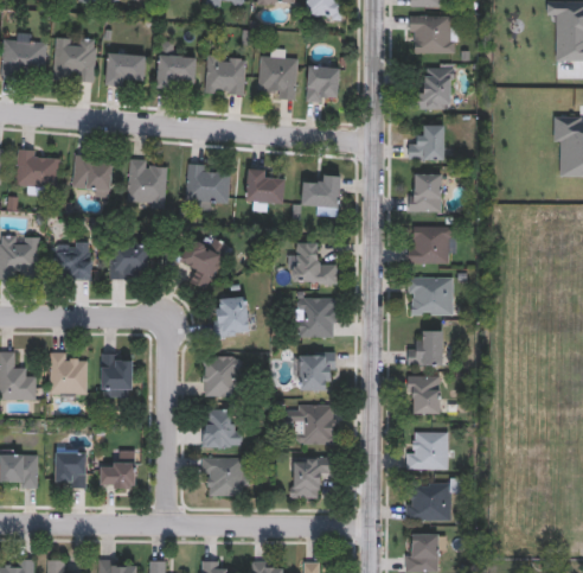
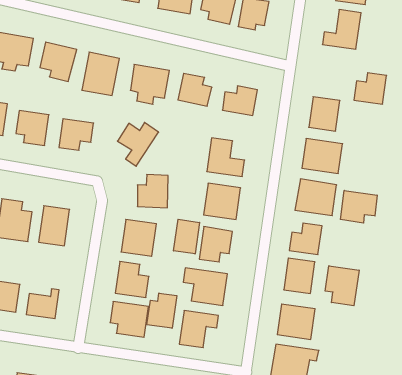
building: [408,125,443,160] -> [354,73,387,104]
building: none -> [340,190,377,223]
building: none -> [174,219,200,254]
building: none -> [325,266,359,306]
building: none -> [147,293,177,328]

